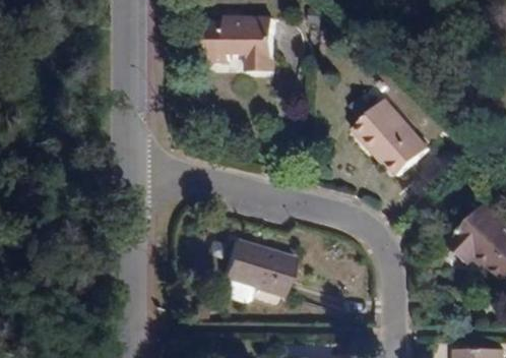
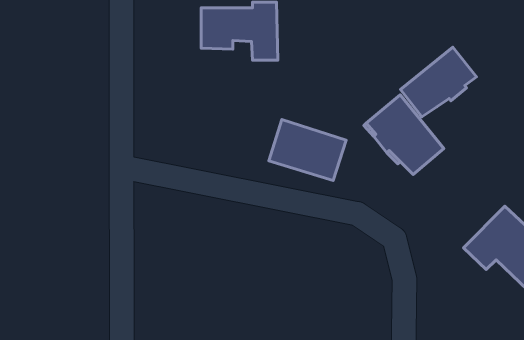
building: none -> [401,47,476,117]
building: [223,238,295,295] -> [269,119,346,180]

